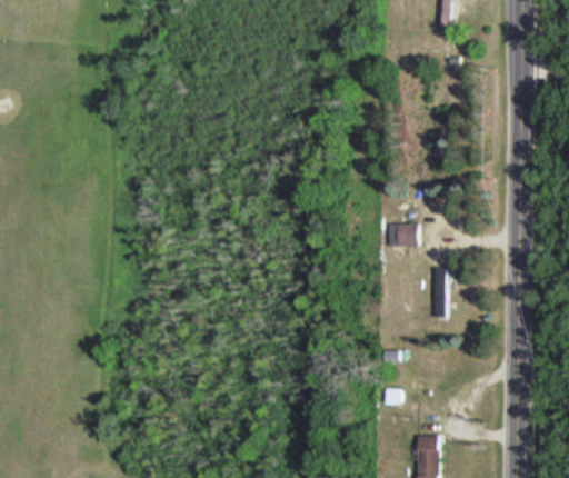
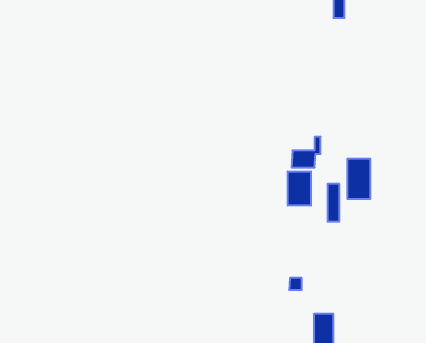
building: none -> [347,159,370,199]
building: none -> [288,171,311,206]

